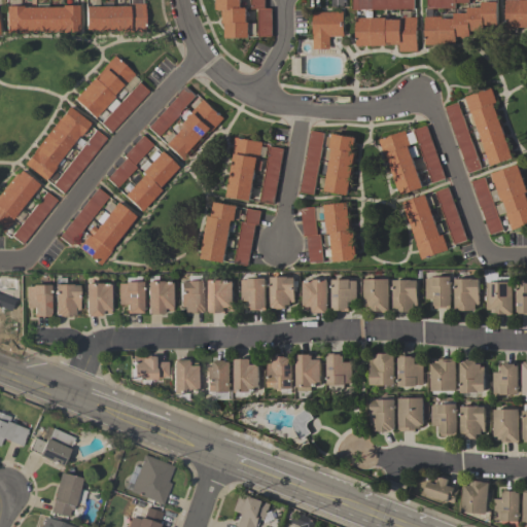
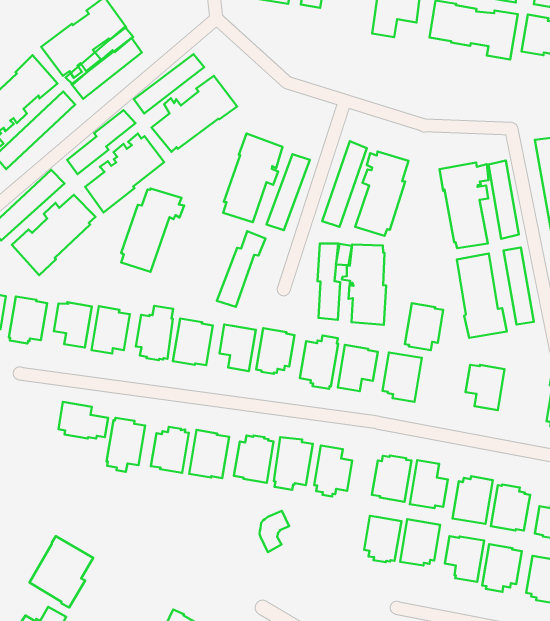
building: [200,202,240,262] -> [121,189,184,272]
building: [455,279,480,311] -> none
building: [393,280,417,312] -> [405,303,443,350]

